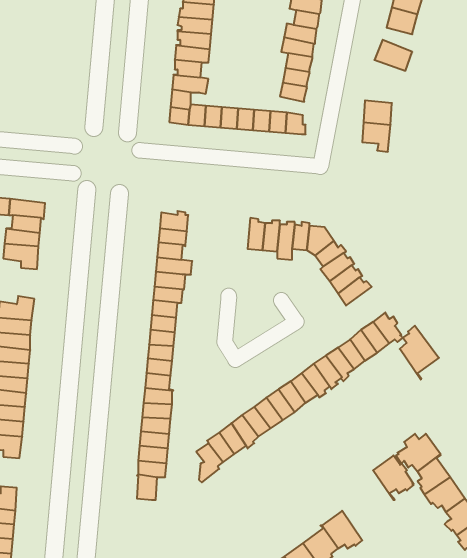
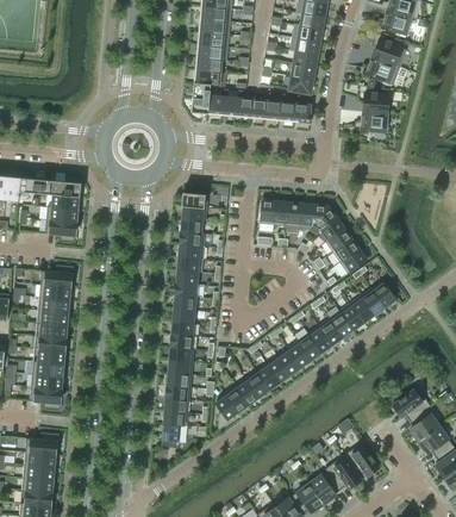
building: none -> [367,57,400,85]
building: [400,326,439,380] -> none
building: [373,455,414,500] -> [344,442,380,481]

